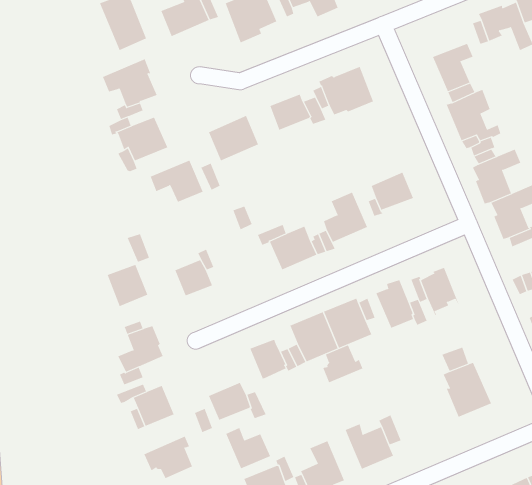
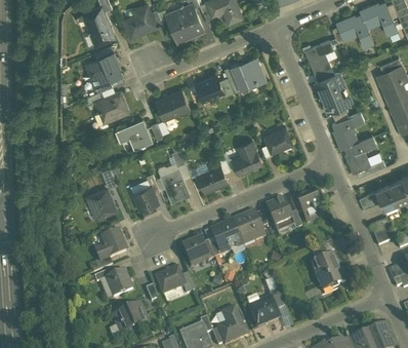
building: none -> [160,167,189,201]
building: [322,345,363,383] -> none
building: [225,427,271,469] -> none

